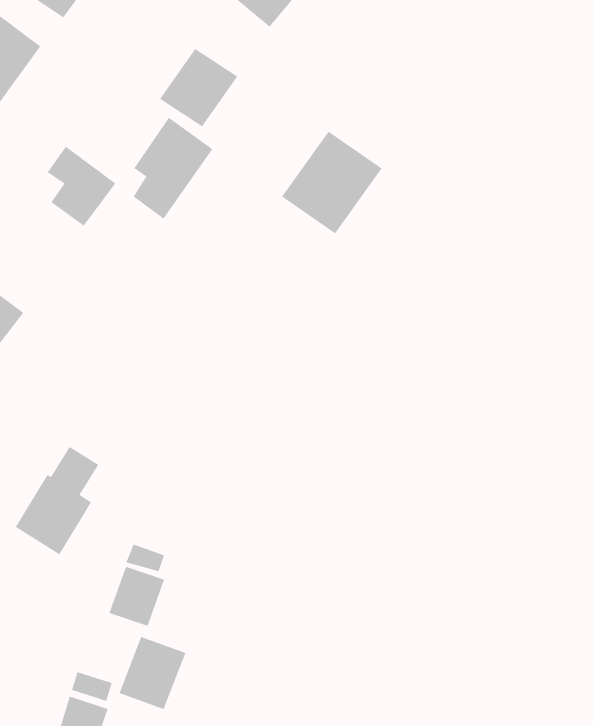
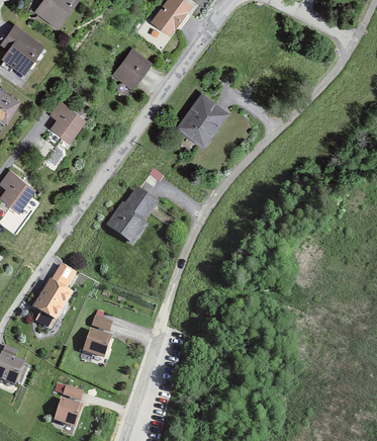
building: [133,117,213,220] -> none
building: none -> [105,188,159,245]
building: [119,636,186,710] -> none

